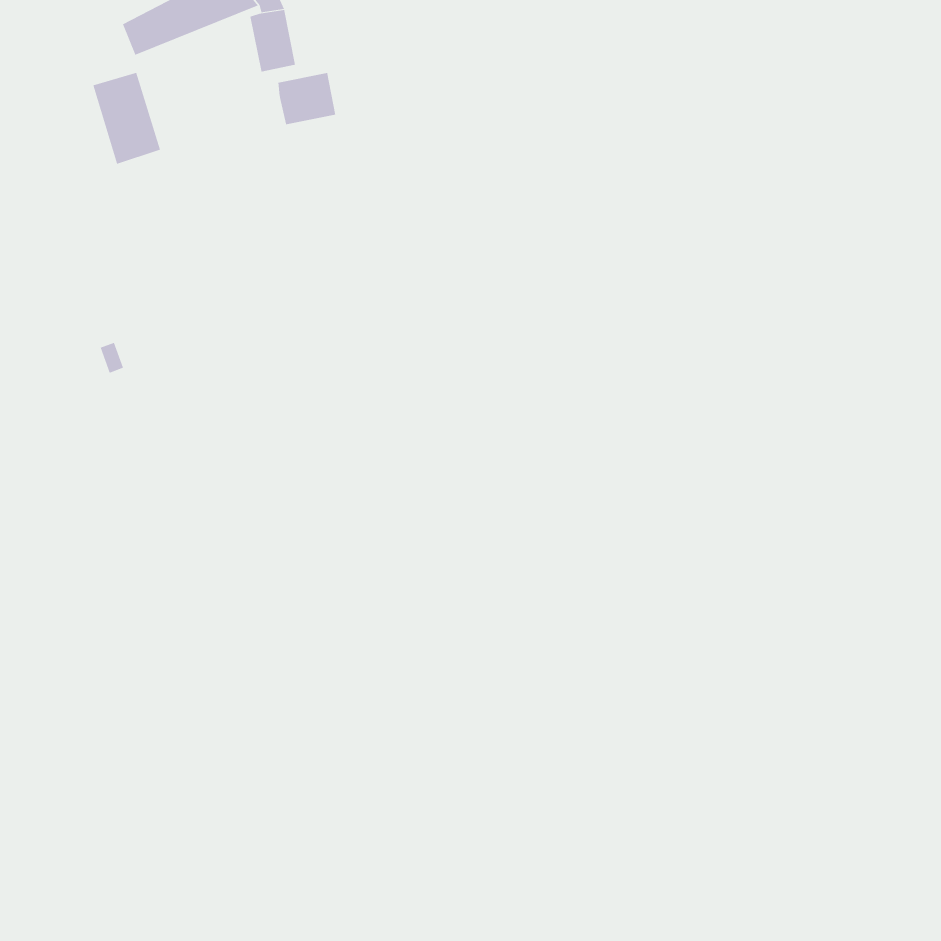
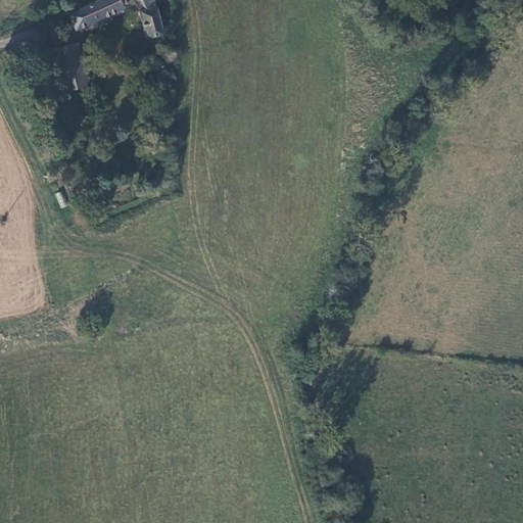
building: [278,72,336,125] -> none

